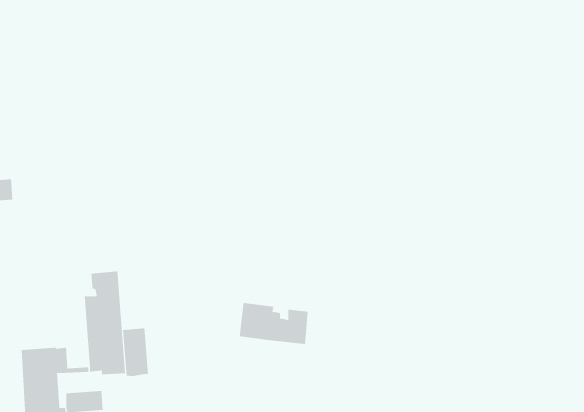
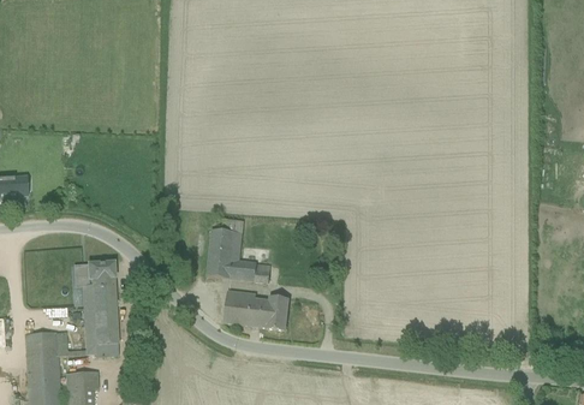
building: none -> [207,228,270,281]
building: [123,328,148,377] -> none

